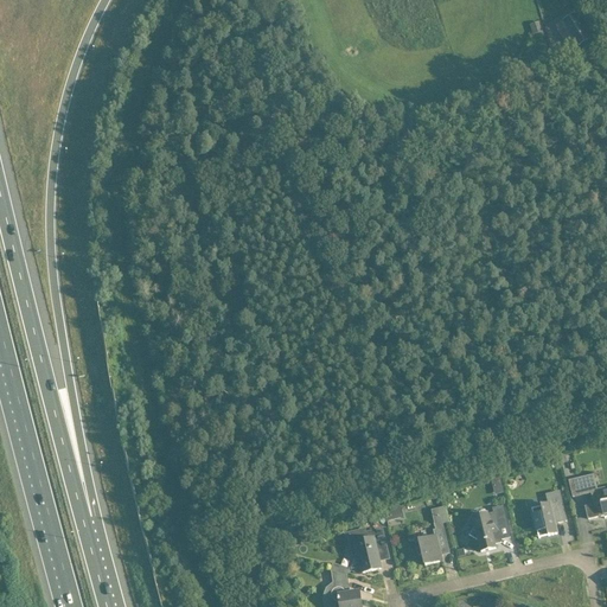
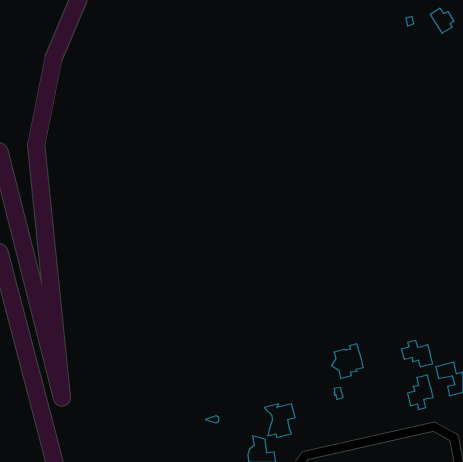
building: none -> [401,340,432,367]
building: [468,505,510,550] -> [331,344,363,378]
building: [414,526,447,563] -> none

